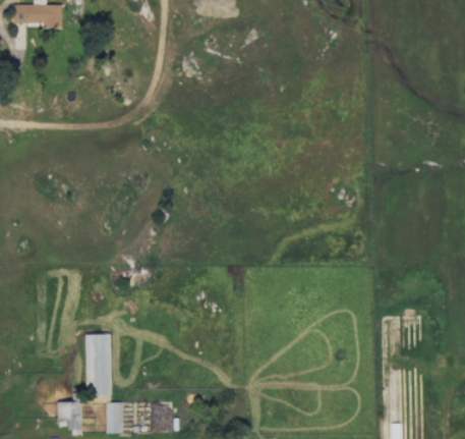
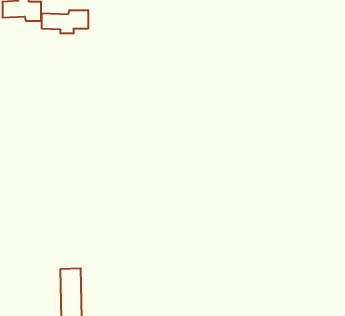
building: none -> [42,10,88,34]

